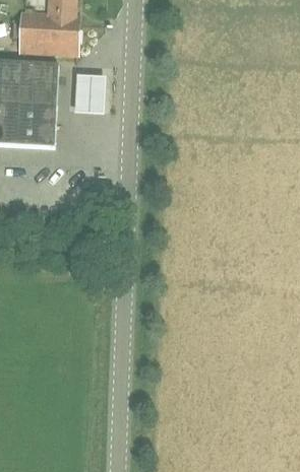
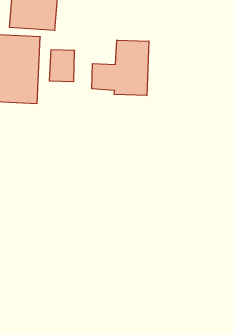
building: none -> [92,40,149,96]

